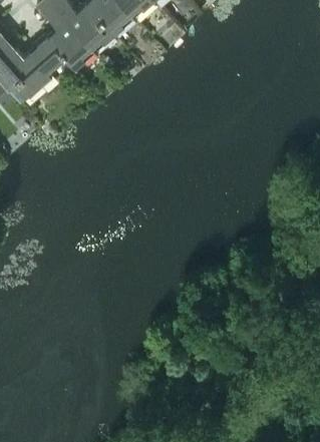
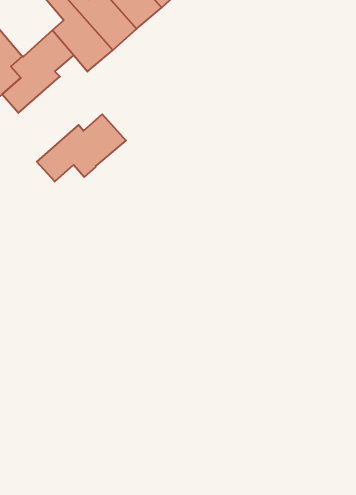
building: none -> [37,114,126,182]

